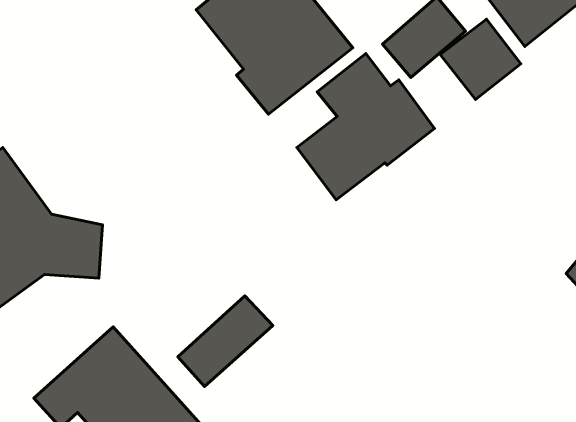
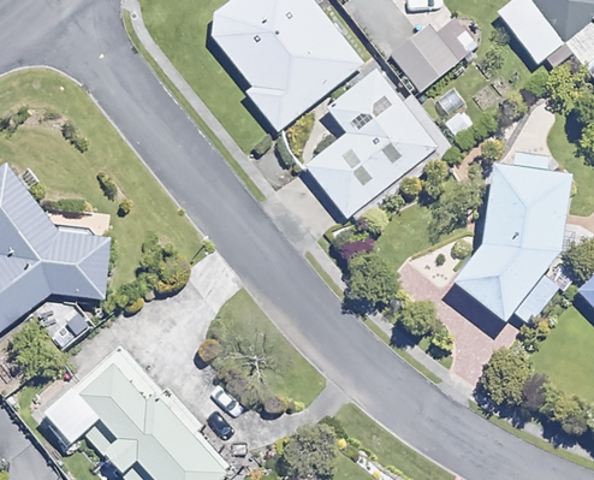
building: [440,19,521,99] -> none
building: none -> [453,148,571,319]
building: [178,296,273,386] -> none

